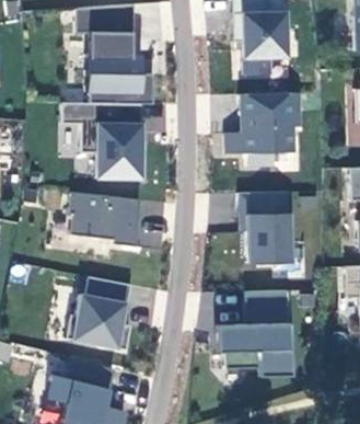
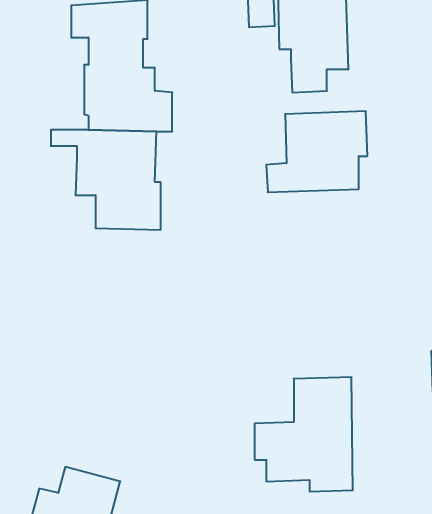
building: [68,191,139,245] -> none
building: [239,191,290,262] -> none
building: [65,273,130,348] -> none

